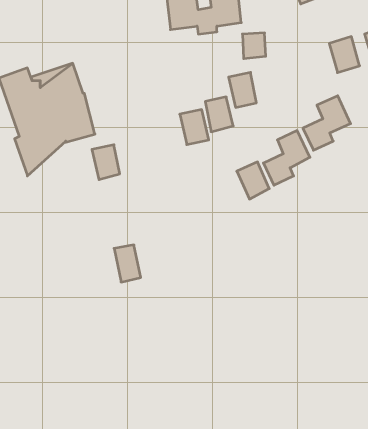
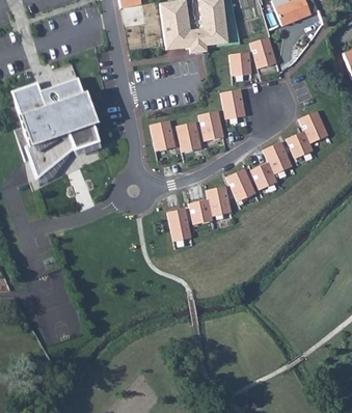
building: [329,37,360,73] -> [250,37,277,70]
building: [92,145,120,180] -> [148,120,173,152]
building: none -> [188,185,231,224]
building: [114,245,141,282] -> [167,209,191,242]

